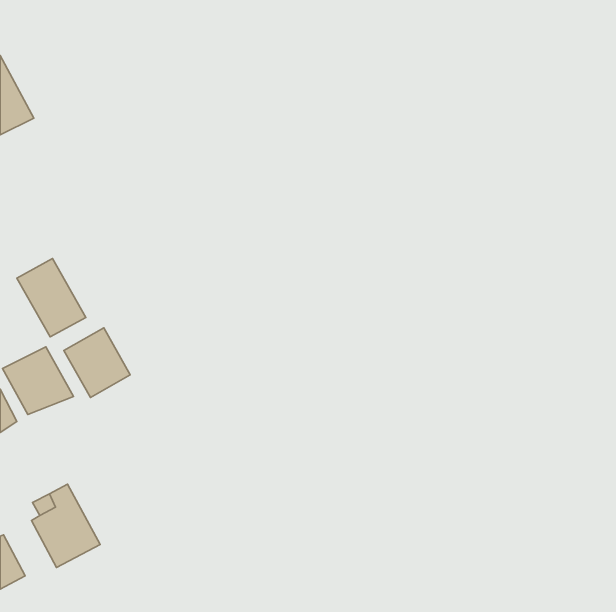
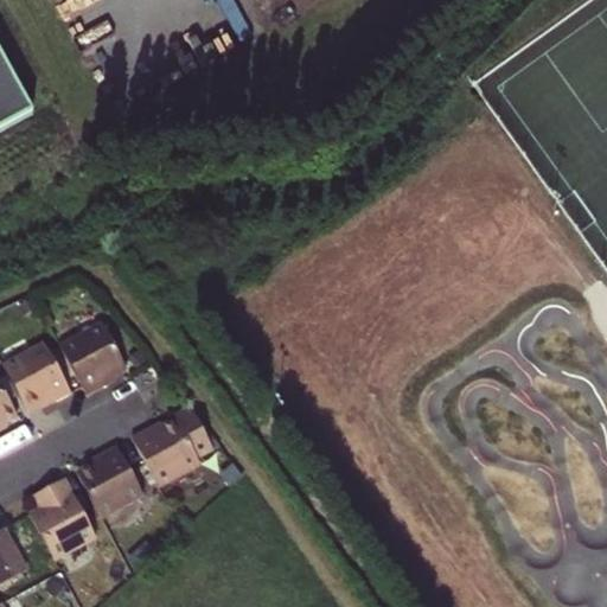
building: [17,258,86,337] -> none
building: none -> [132,408,212,485]
building: none -> [78,443,143,516]

